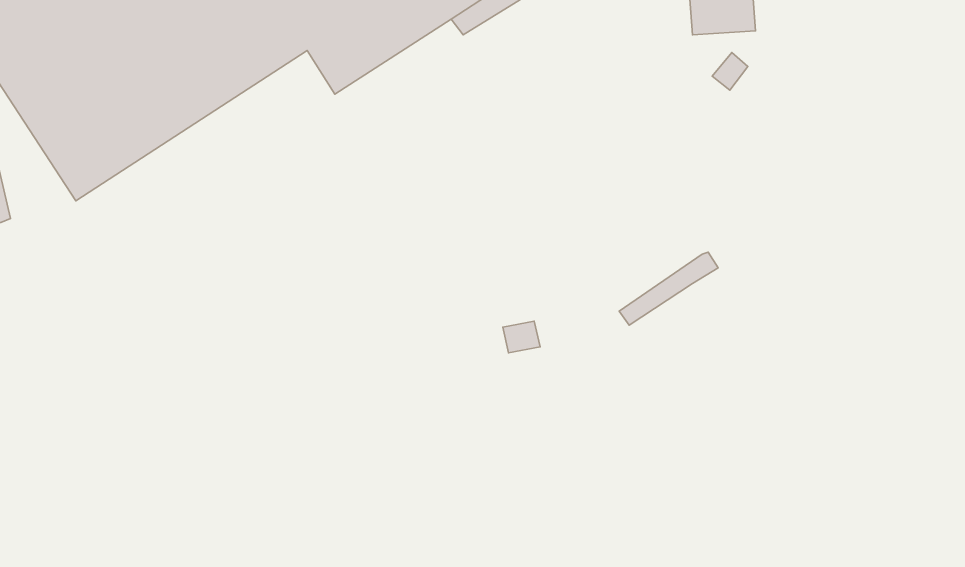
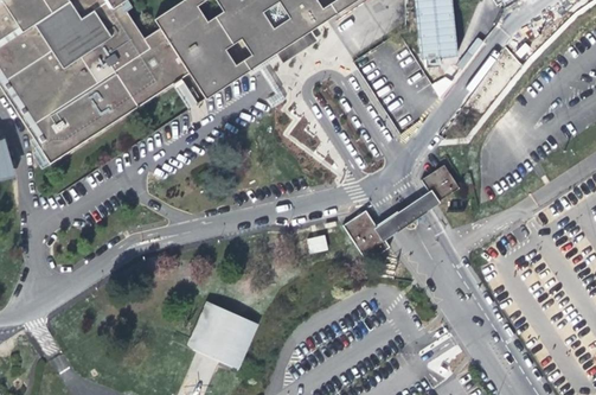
building: none -> [422,166,460,204]
building: none -> [342,211,389,262]
building: none -> [194,304,255,365]

